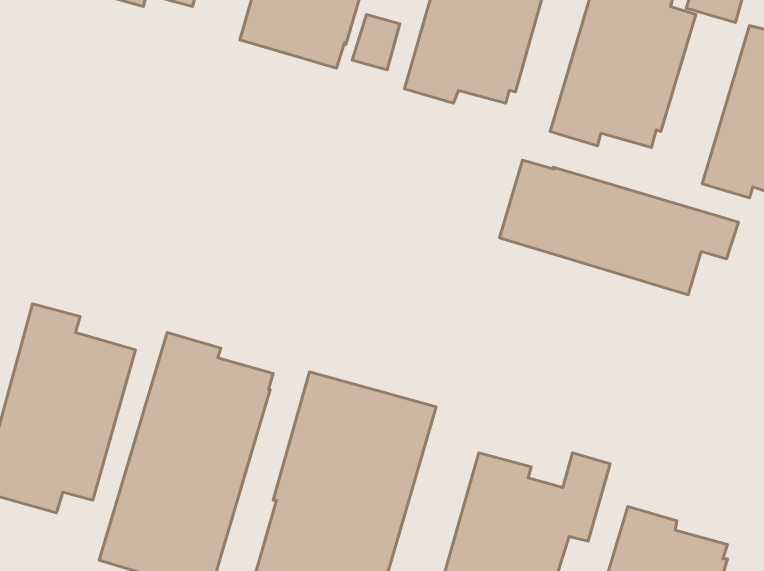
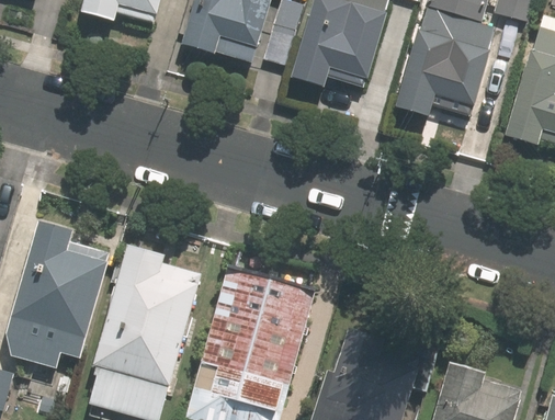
building: [499,160,738,295] -> none

